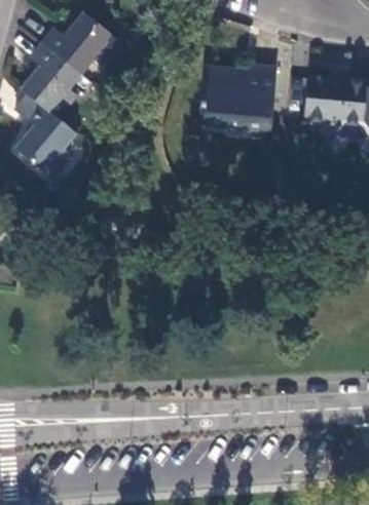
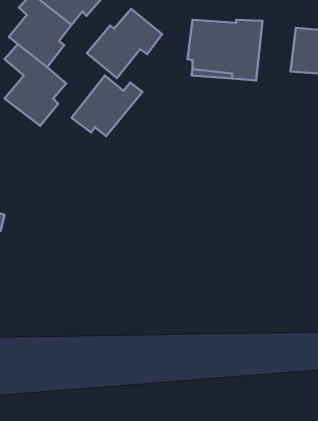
building: none -> [87,9,162,78]
building: none -> [72,76,142,136]

